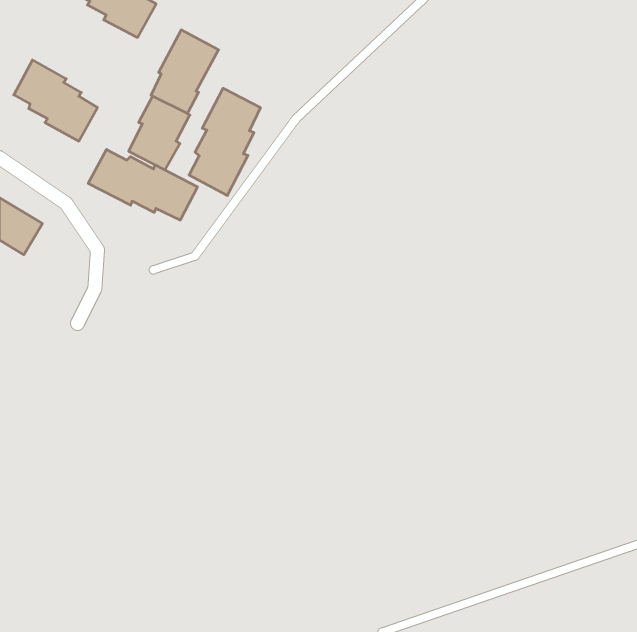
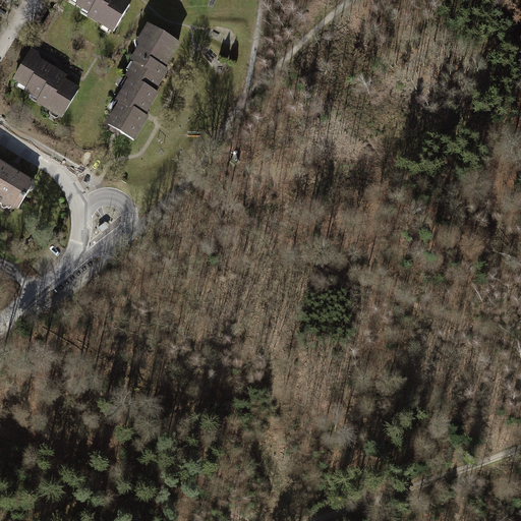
building: [189,88,260,196] -> none
building: [88,149,197,220] -> none

